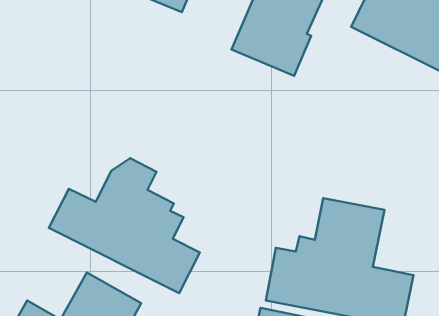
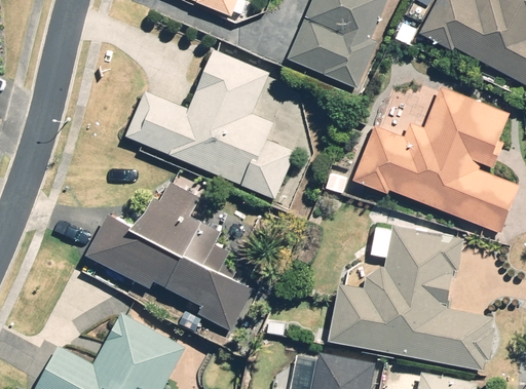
building: none -> [128,48,296,199]
building: none -> [354,89,517,229]

